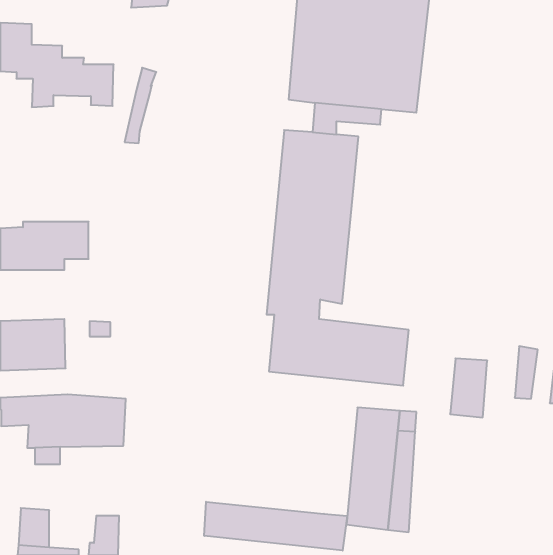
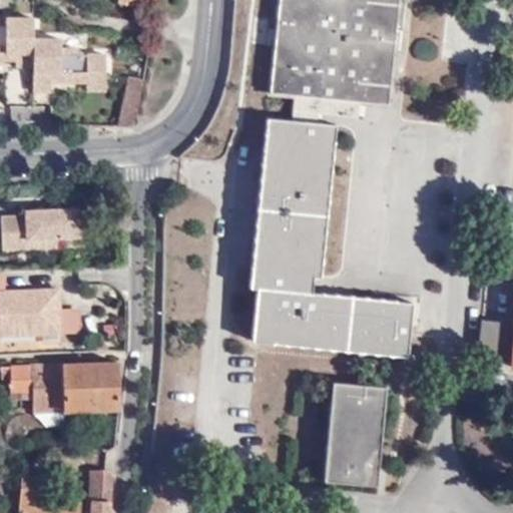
building: [450,358,487,417] -> [375,303,409,357]
building: [204,502,347,551] -> none

